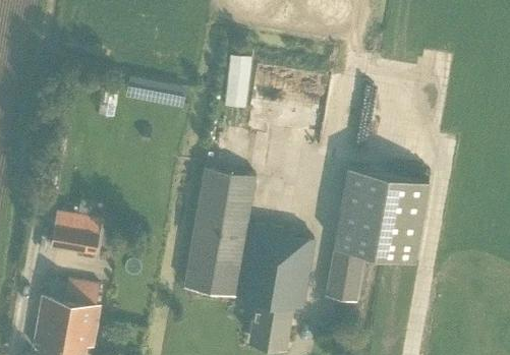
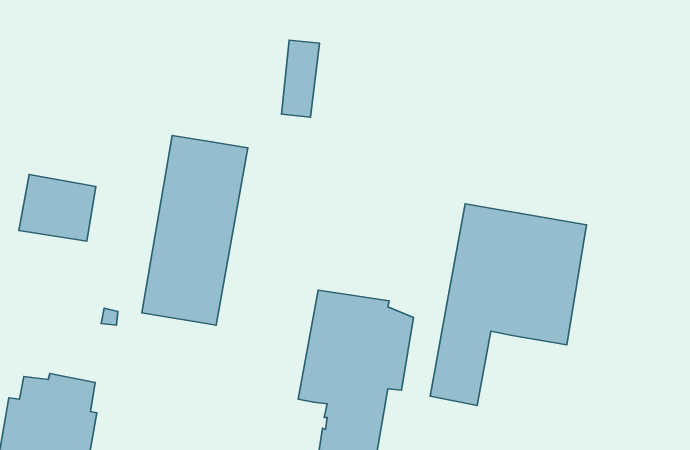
building: [184,170,256,297] -> [142,136,248,325]
building: [50,211,102,255] -> [19,174,96,241]

